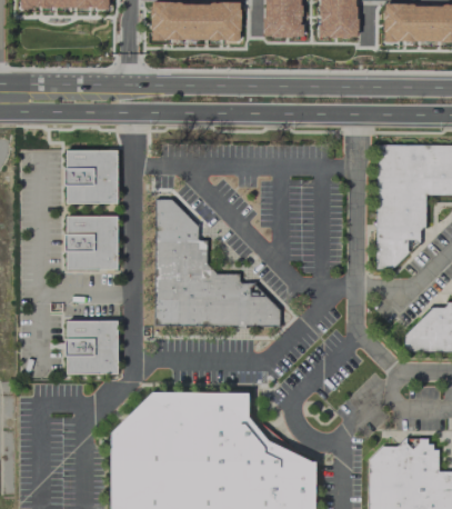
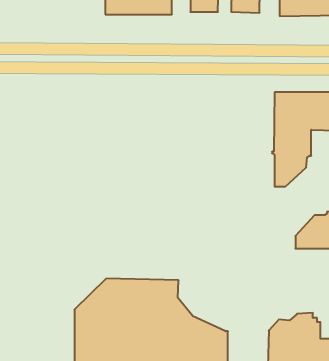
building: [66,150,118,202] -> none
building: [157,199,280,328] -> none
building: [67,216,119,269] -> none
building: [66,320,118,373] -> none

